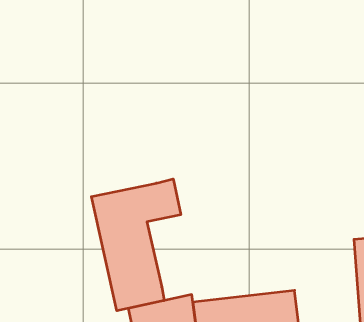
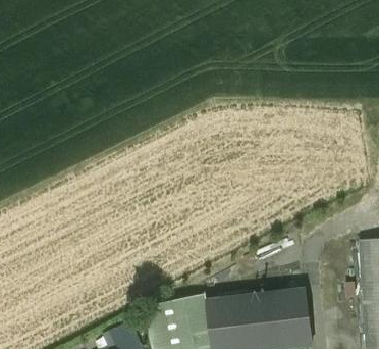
building: [91,179,181,311] -> none

